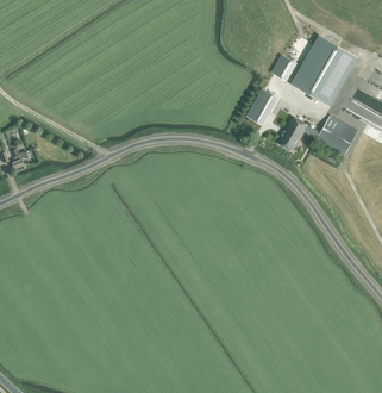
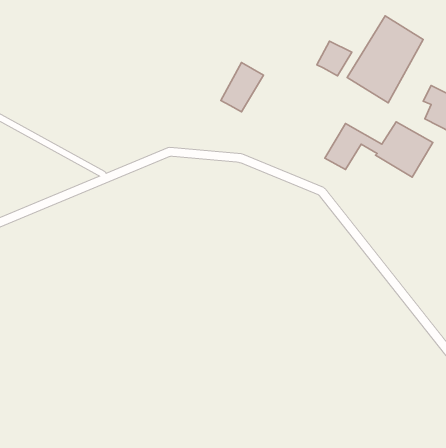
building: [246,88,278,125] -> [221,63,264,112]

